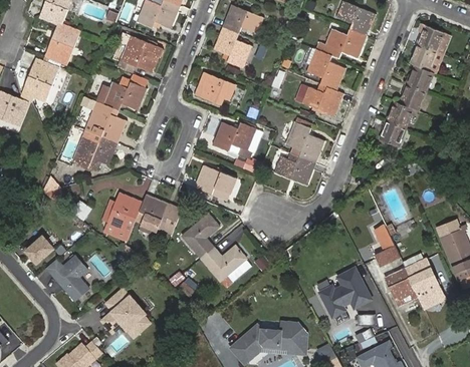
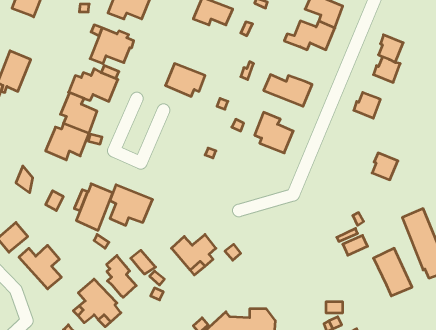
building: [45,23,79,64] -> none
building: [416,26,450,53] -> none
building: [214,27,251,68] -> none
building: [306,49,345,90] -> none
building: [400,83,426,110] -> none
building: [380,119,406,146] -> [372,153,398,180]
building: [213,122,256,158] -> none
building: [274,152,315,185] -> none
building: [195,164,236,195] -> none
building: [182,213,220,259] -> none
building: none -> [107,255,136,297]
building: [319,268,372,315] -> none
building: [386,269,419,306] -> none

